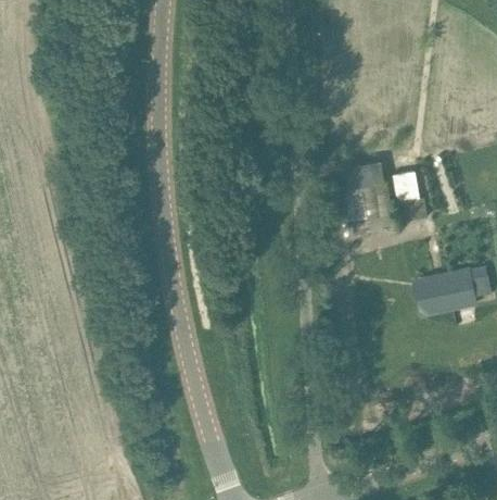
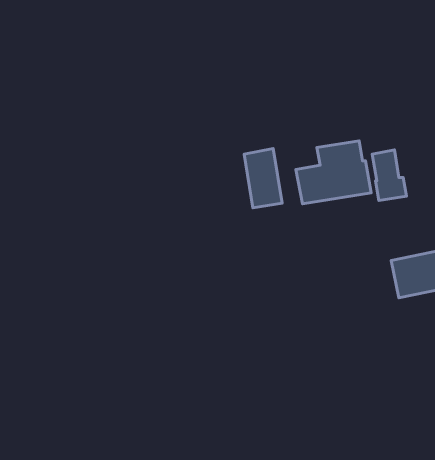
building: none -> [244,148,282,208]

